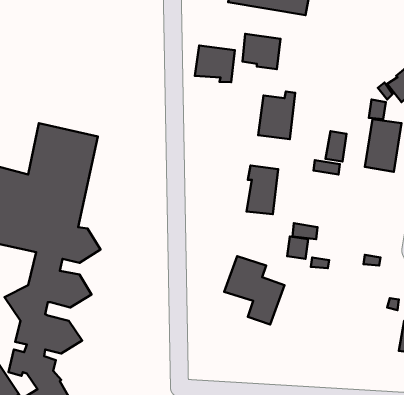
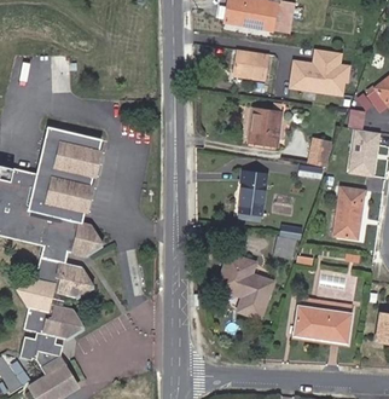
building: none -> [288,48,347,96]
building: [195,46,235,82] -> none
building: none -> [331,186,365,239]
building: none -> [295,299,352,343]

